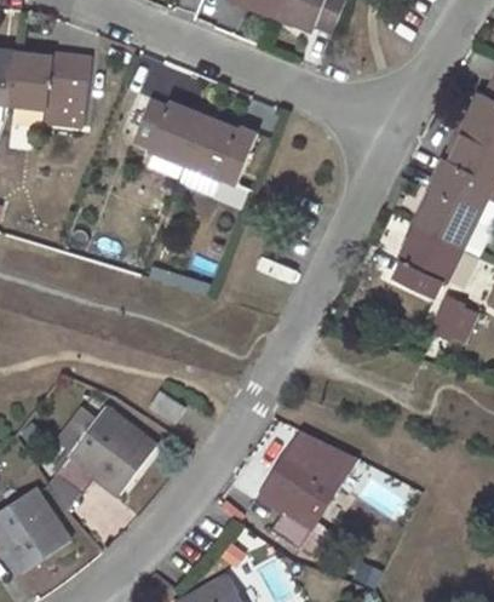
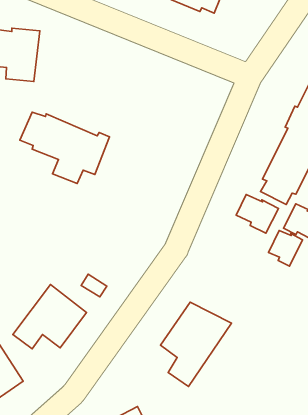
building: [132,98,255,196] -> [20,112,110,183]
building: none -> [236,194,278,233]
building: none -> [269,230,303,266]

